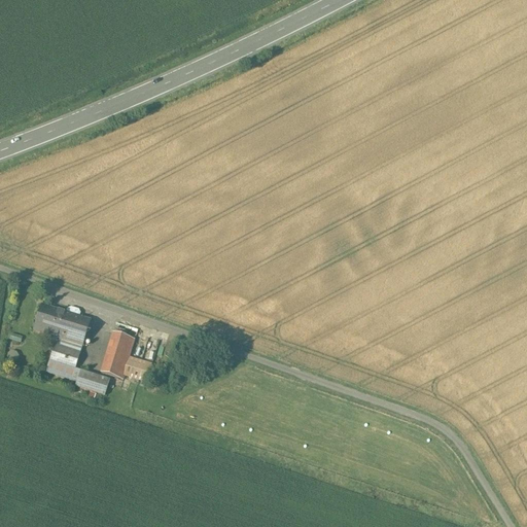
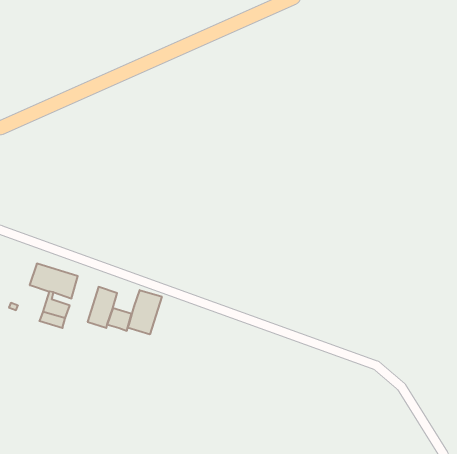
building: none -> [128,290,162,334]
building: [75,368,109,393] -> none

